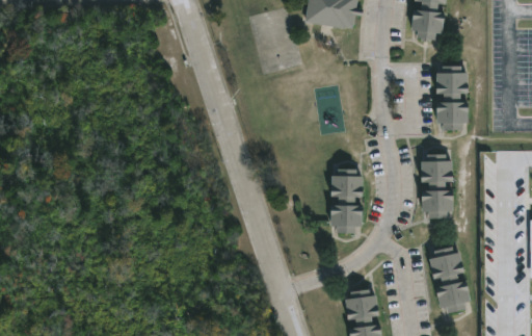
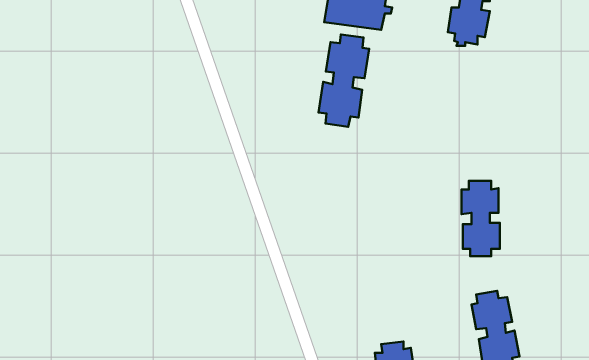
building: none -> [319,35,369,127]
building: [435,66,467,130] -> none
building: [329,170,363,234] -> none

